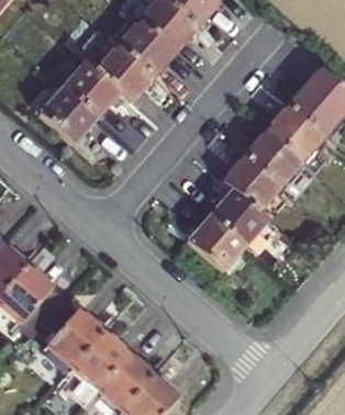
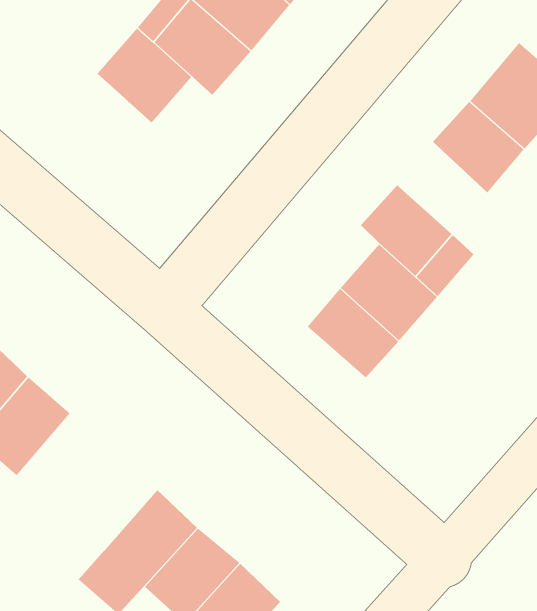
building: [47,83,101,136] -> none
building: [247,124,301,179] -> none
building: [49,311,104,367] -> none

